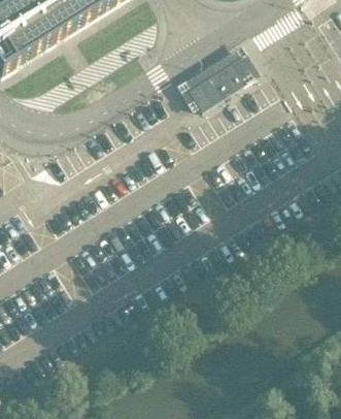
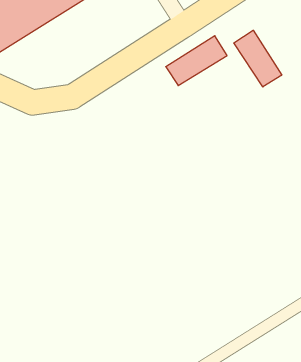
building: none -> [234,30,282,87]

